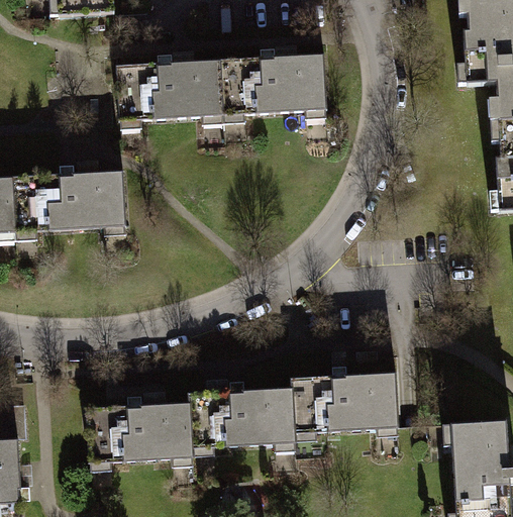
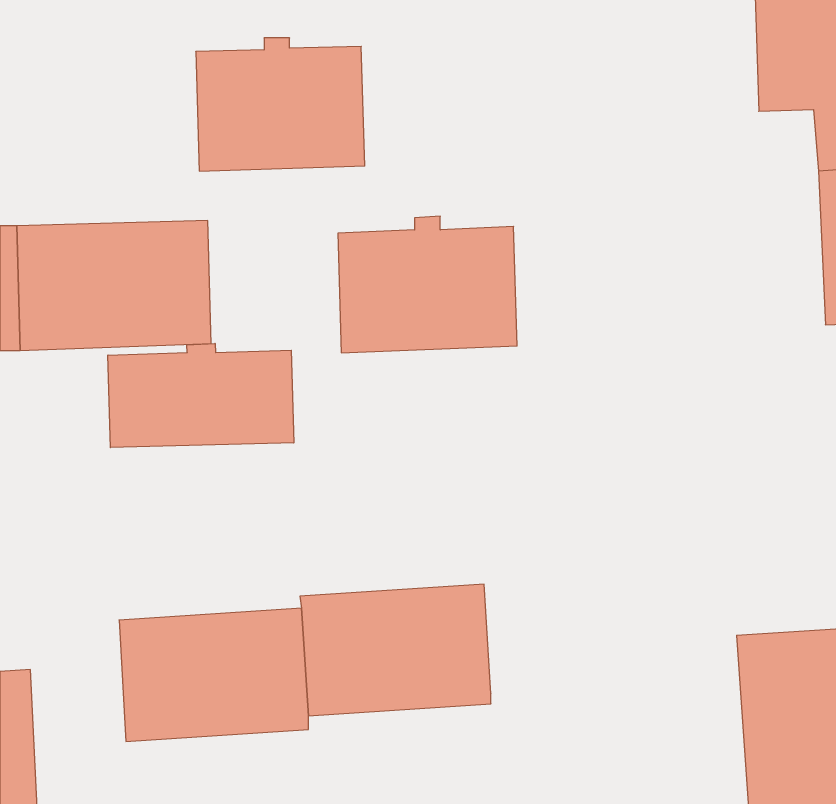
building: [223,46,329,127] -> [338,216,517,353]
building: none -> [108,343,294,448]
building: [295,360,408,439] -> none

